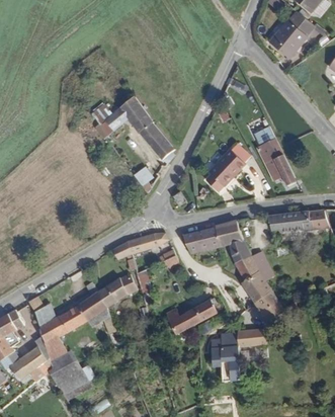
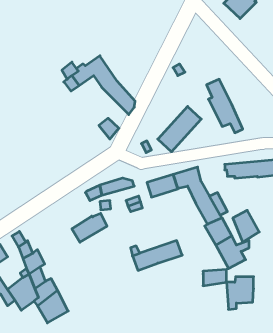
building: none -> [233,210,259,242]
building: [61,289,108,329] -> none
building: [216,340,246,377] -> [227,277,254,309]

